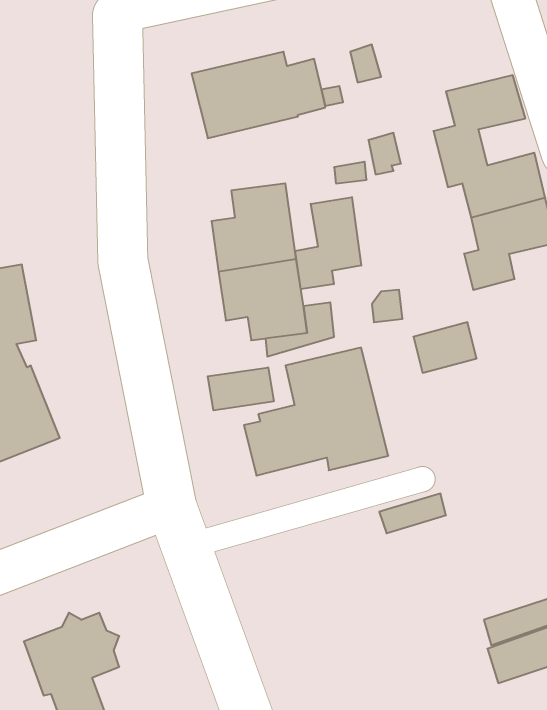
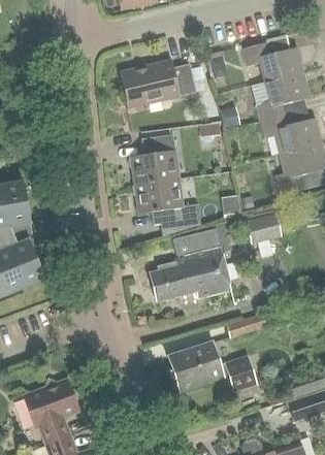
building: none -> [242,42,303,82]
building: [295,197,361,289] -> none
building: [208,367,274,410] -> none
building: none -> [169,343,258,391]

